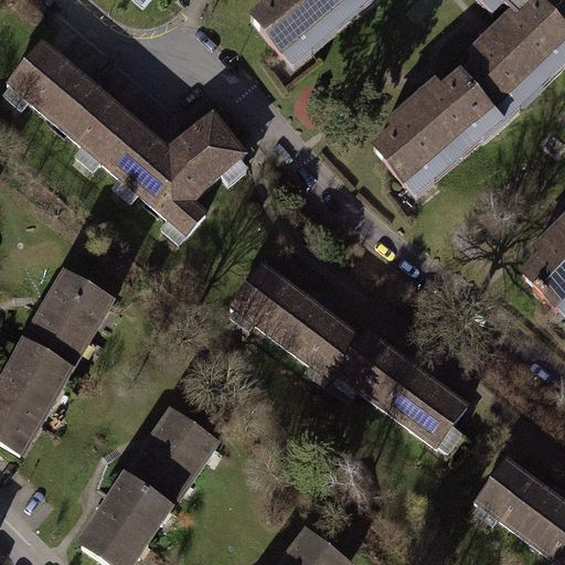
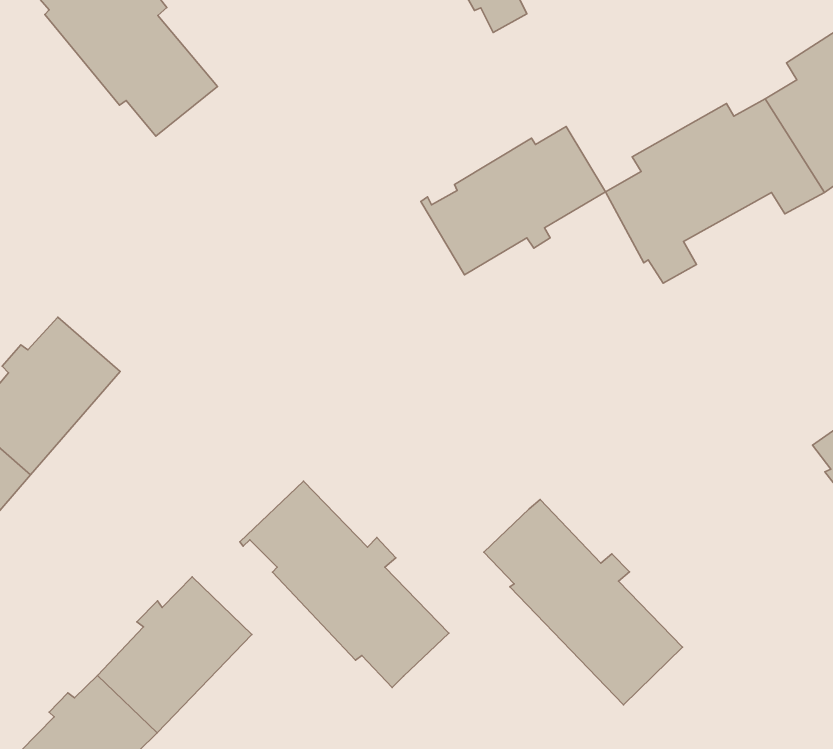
building: none -> [421,127,605,275]
building: [103,116,242,234] -> none
building: [230,265,361,376] -> [240,481,449,687]

